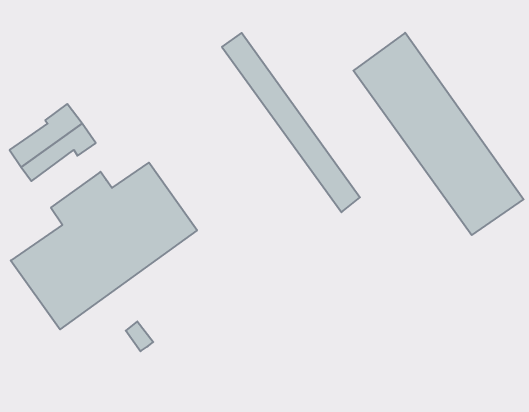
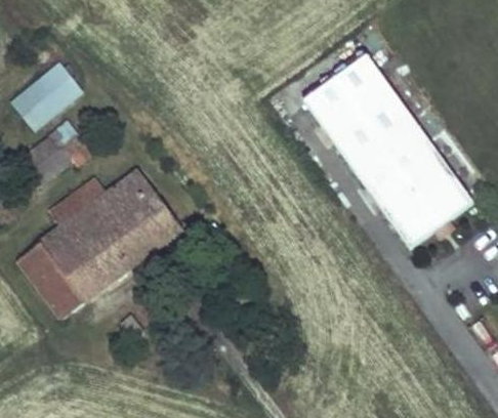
building: [222,33,360,212] -> [303,88,426,248]
building: none -> [10,64,80,129]

